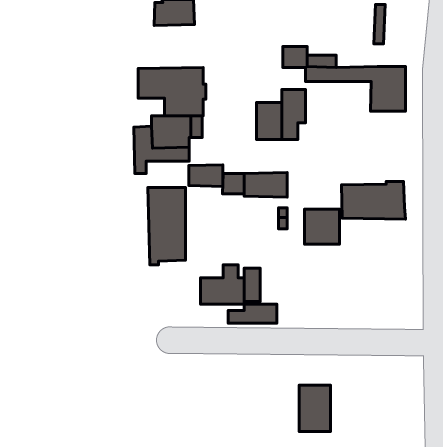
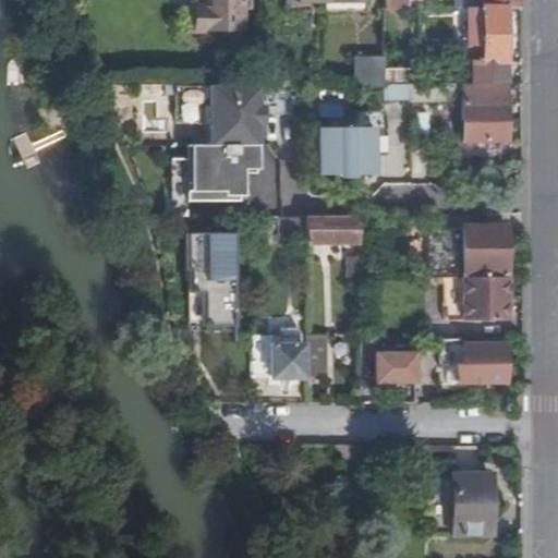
building: none -> [475,5,510,83]
building: [189,165,223,186] -> none
building: [305,209,340,244] -> [466,276,510,319]
building: none -> [459,344,509,381]
building: none -> [379,350,418,380]
building: [228,304,277,323] -> none
building: [299,385,331,432] -> [454,475,494,533]

